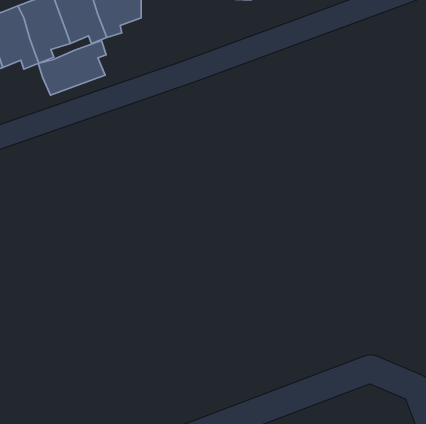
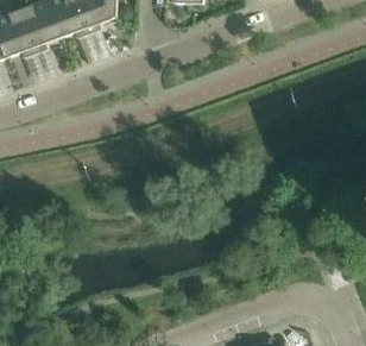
building: [38,41,106,95] -> none

